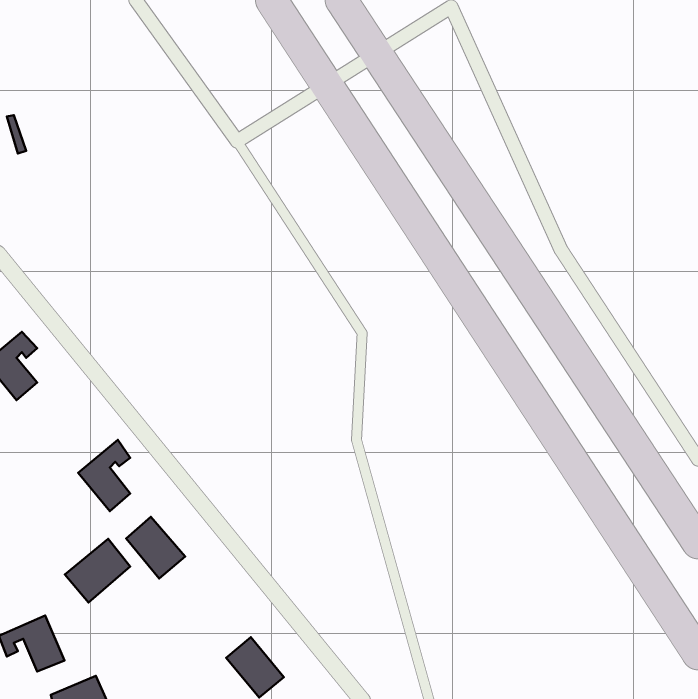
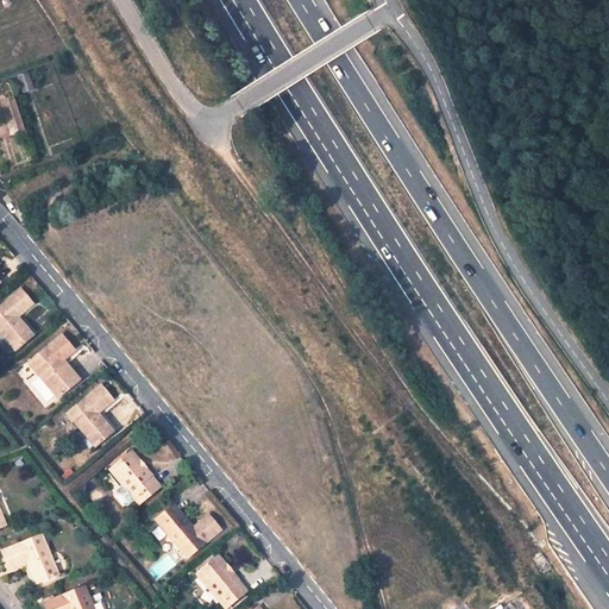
building: none -> [27,335,74,395]
building: [65,539,130,603] -> none
building: none -> [155,503,219,555]

